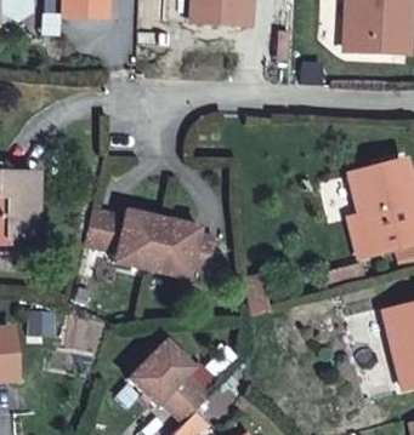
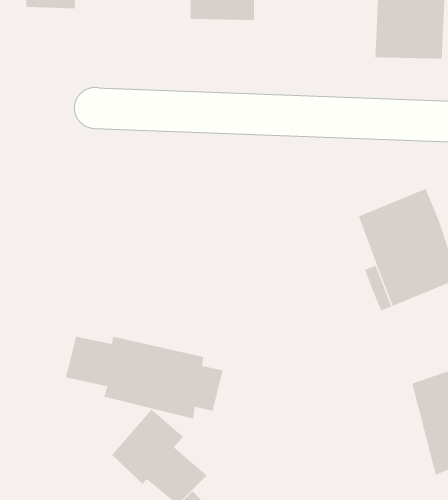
building: [85,210,215,277] -> [65,336,223,419]

